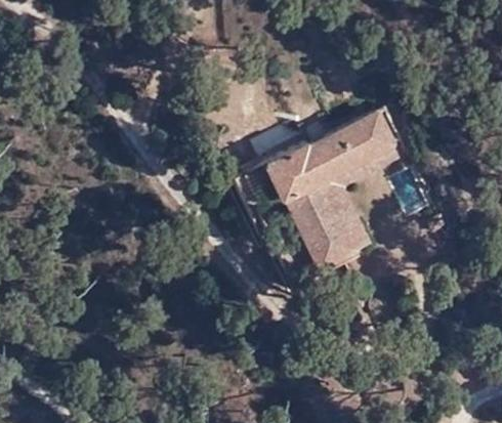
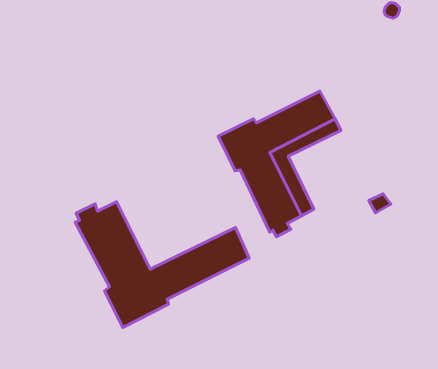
building: none -> [75,202,249,328]

